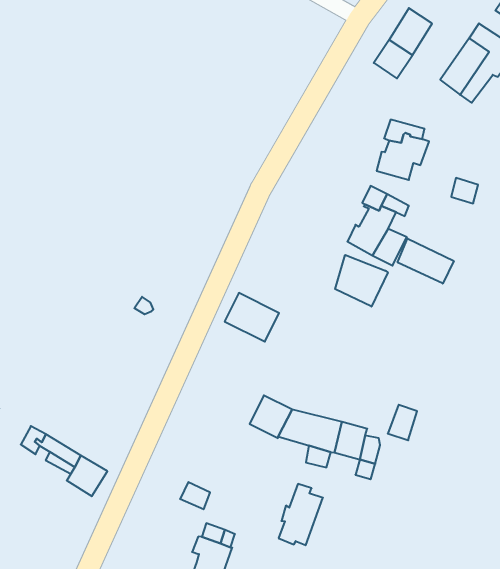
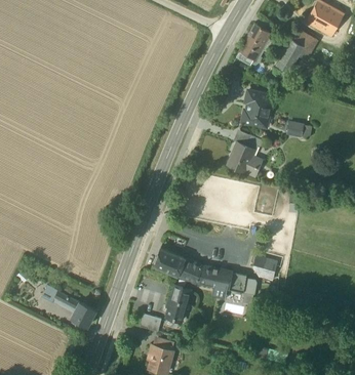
building: [398,238,454,284] -> none
building: [335,255,388,307] -> none
building: [225,293,279,342] -> [153,248,185,276]
building: [279,484,323,545] -> [166,284,191,320]

